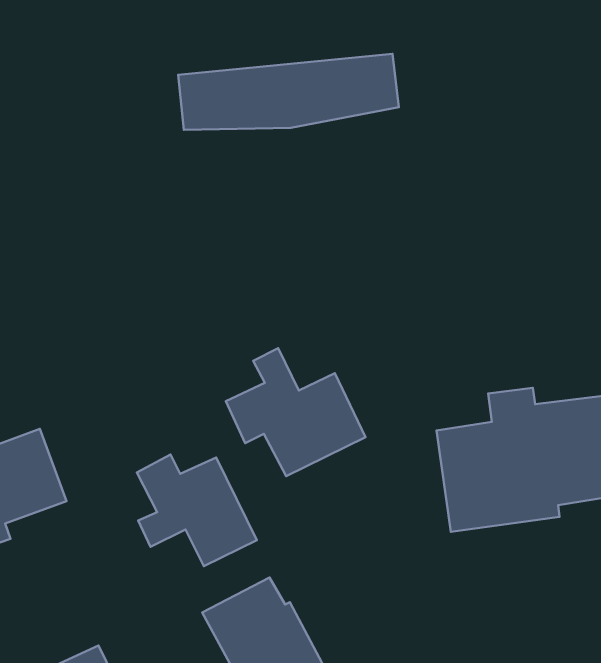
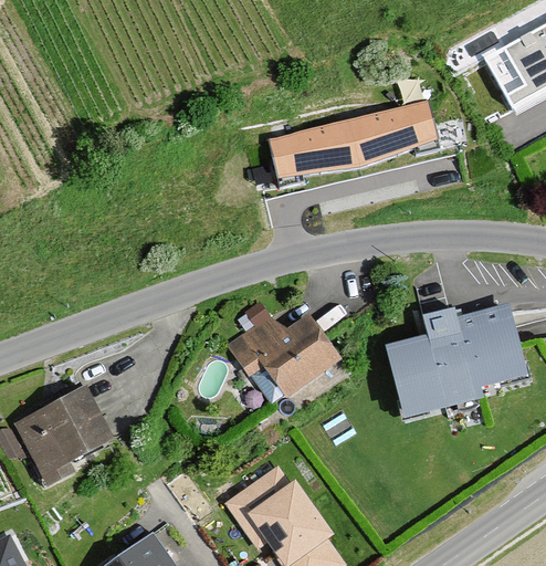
building: [178,54,399,130] -> [269,105,439,184]
building: [137,455,257,566] -> none

